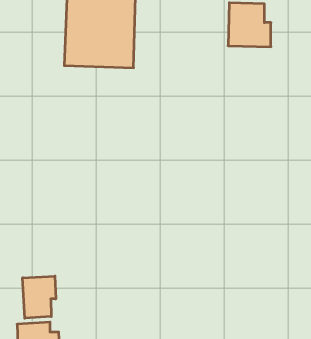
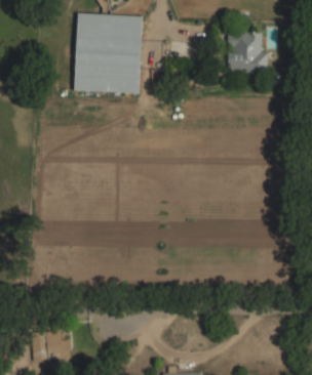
building: [23,276,56,318] -> none

